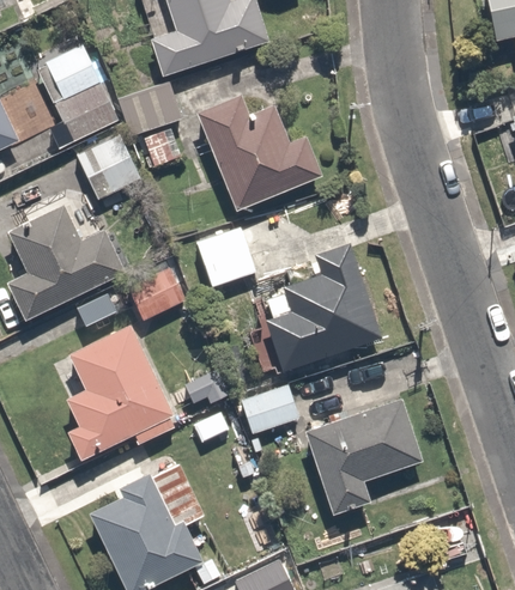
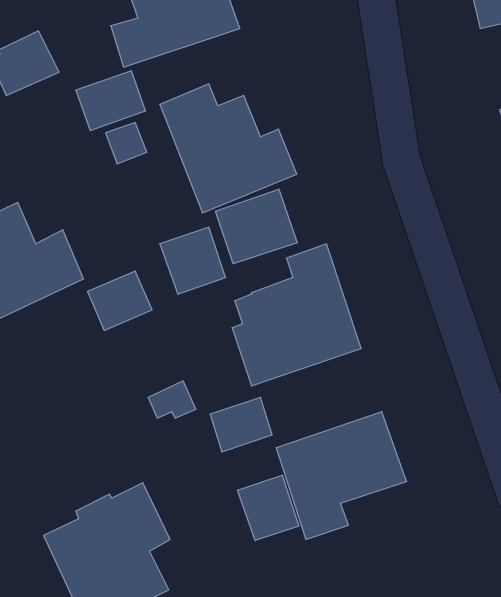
building: [55,83,121,144] -> none
building: [75,135,141,200] -> none
building: none -> [216,189,297,264]
building: [63,323,176,461] -> none
building: none -> [238,475,299,541]

